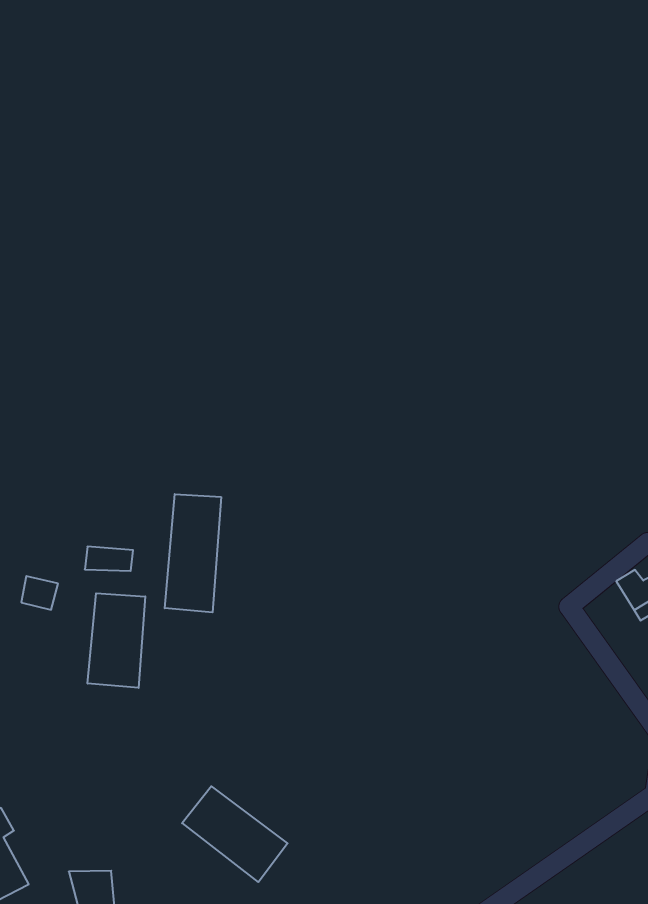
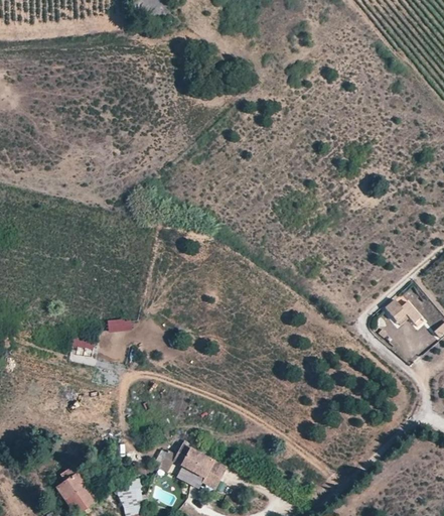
building: [165,494,221,612] -> none
building: [88,593,145,688] -> none

